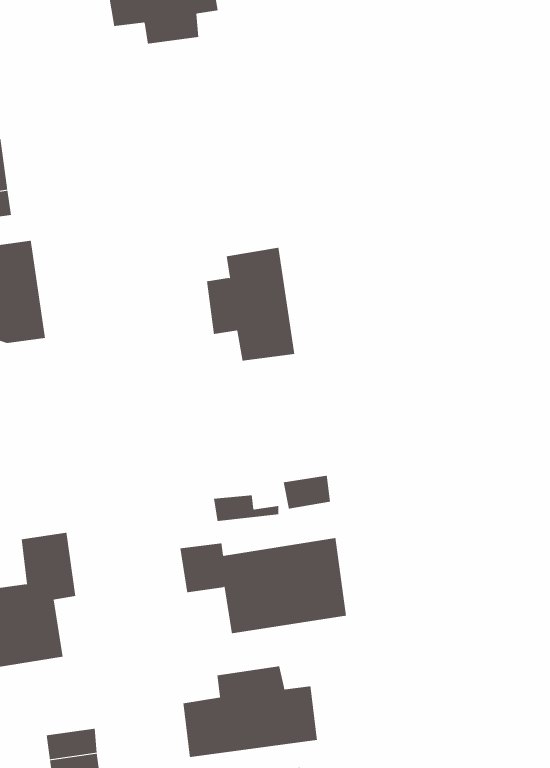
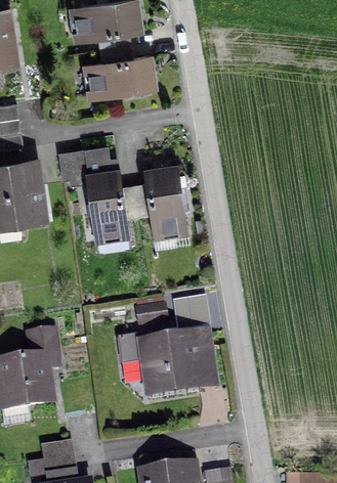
building: none -> [89,45,155,96]
building: none -> [72,150,138,235]
building: [183,666,318,758] -> none

